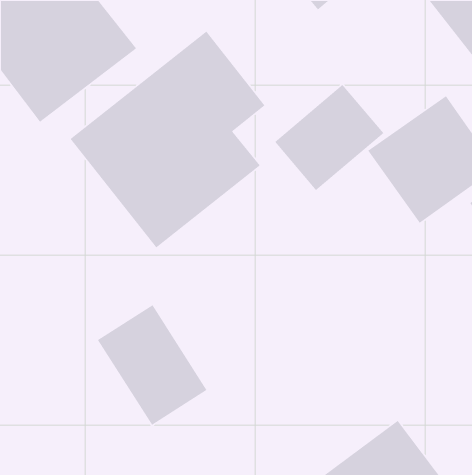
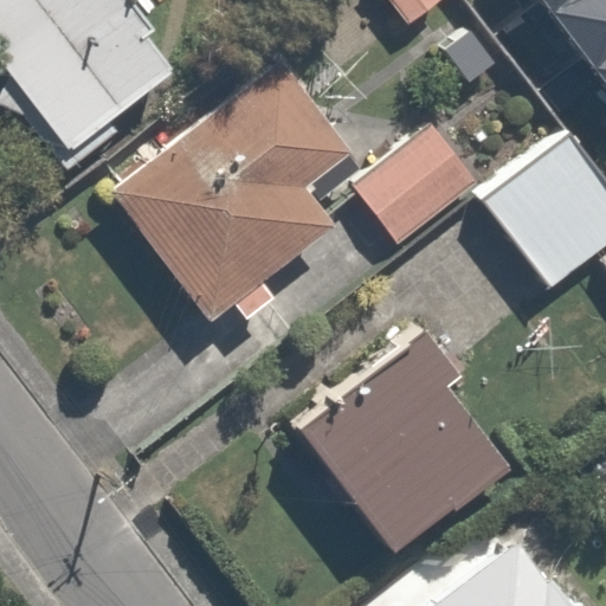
building: none -> [290,330,515,553]
building: [97,304,208,426] -> none

